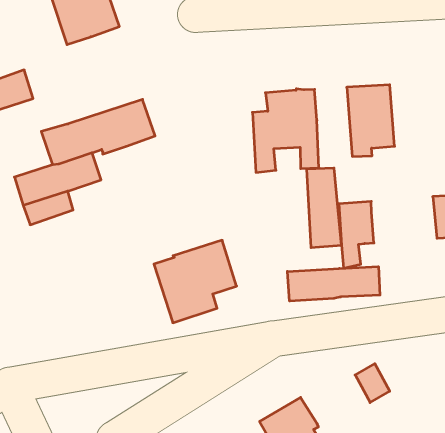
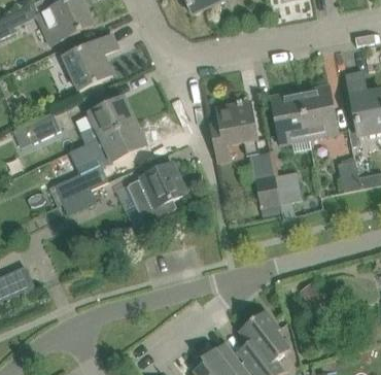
building: none -> [80,97,134,144]
building: none -> [300,86,337,135]
building: [154,240,237,323] -> [128,163,185,223]
building: [287,267,380,301] -> none

